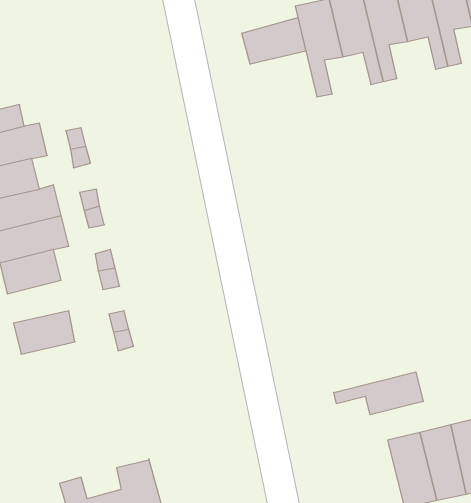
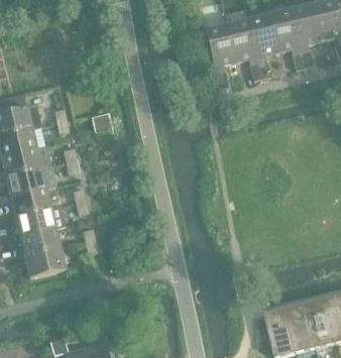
building: [242,18,306,64] -> none
building: none -> [15,208,55,236]
building: none -> [24,248,65,277]
building: [334,372,423,415] -> none

